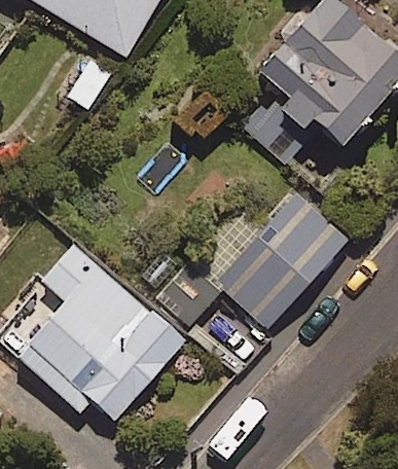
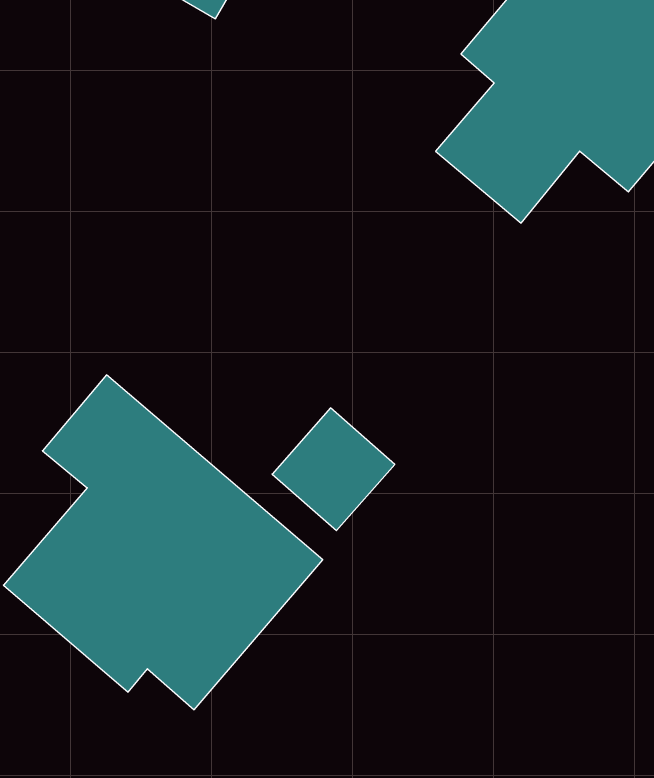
building: [216,189,350,329] -> none

